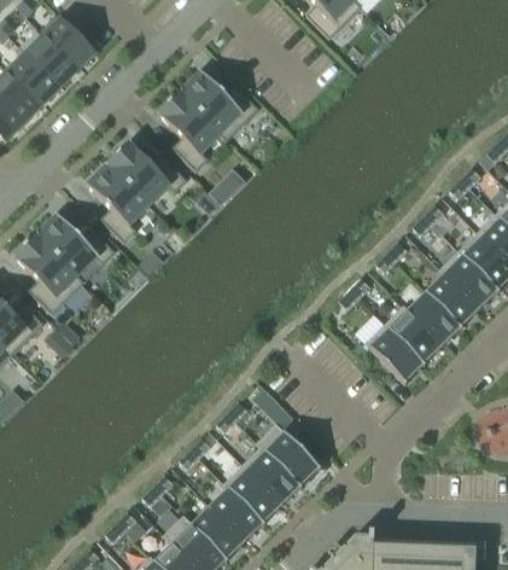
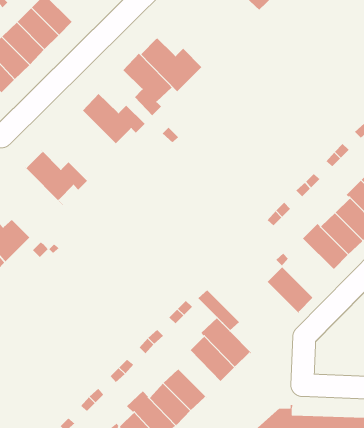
building: [86,163,150,242] -> none
building: [14,234,83,314] -> none
building: [364,324,425,383] -> [267,266,315,314]
building: [222,464,281,522] -> none

